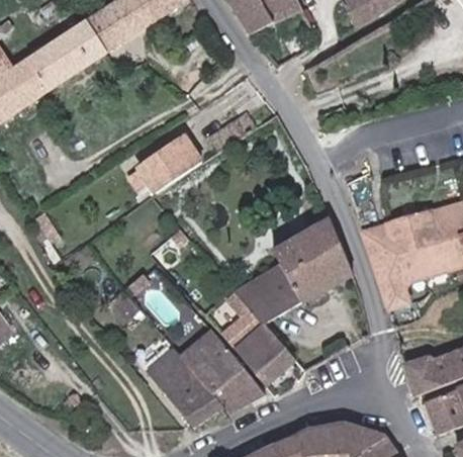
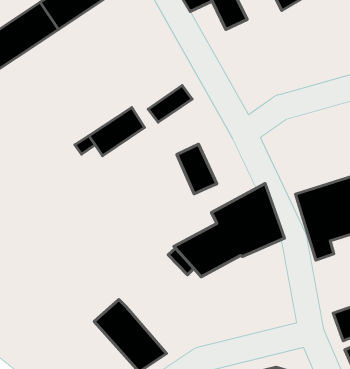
building: none -> [177,144,217,194]
building: [233,323,292,381] -> none
building: [179,330,262,416] -> none

